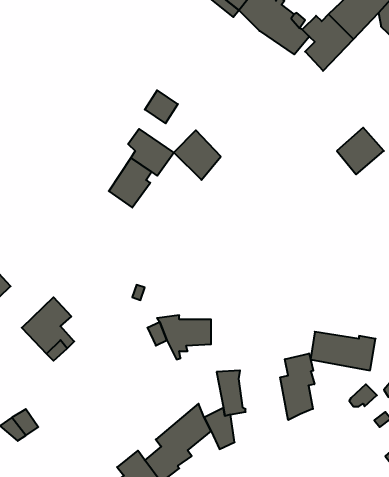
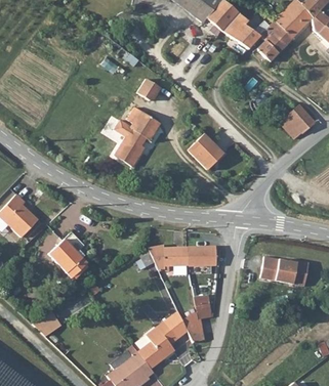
building: [174,130,221,180] -> [189,133,223,170]
building: none -> [188,246,215,265]
building: [280,353,314,420] -> none

